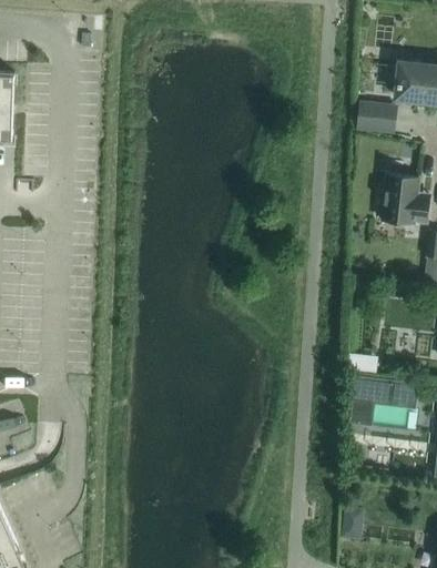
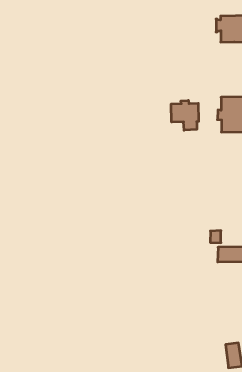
building: [357,102,396,134] -> none
building: none -> [171,100,199,130]

